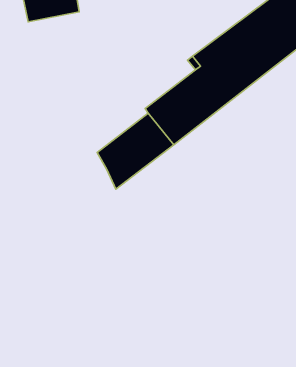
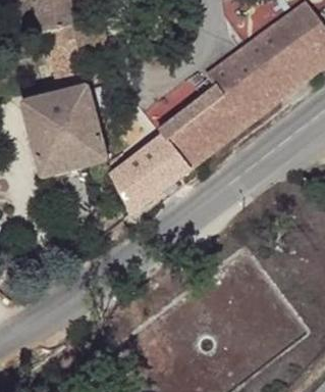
building: none -> [21,77,105,167]

